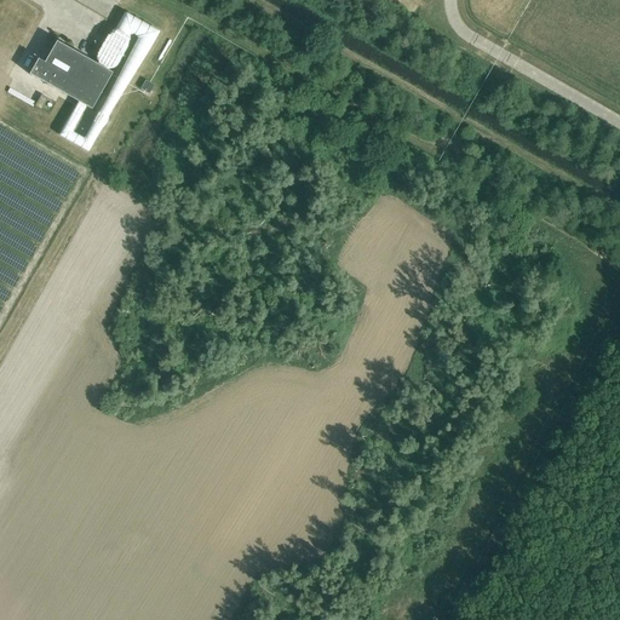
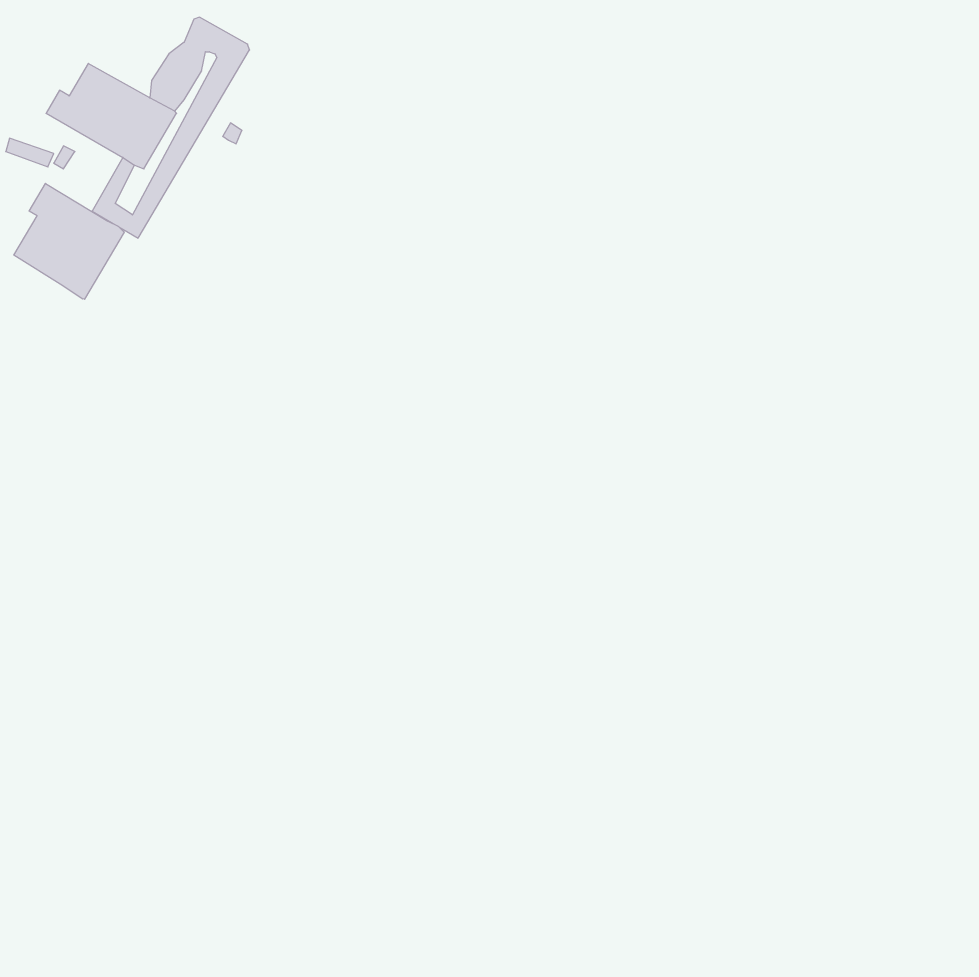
building: none -> [14,183,124,299]

